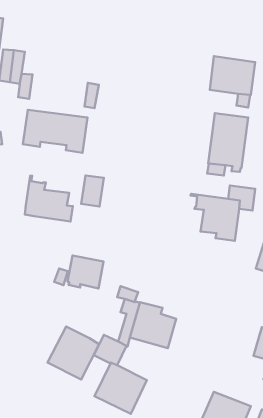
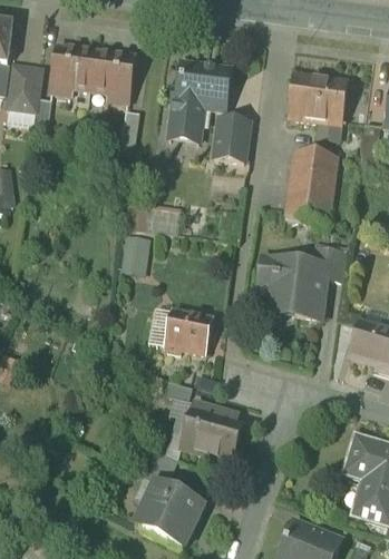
building: none -> [167,63,230,144]
building: none -> [214,118,249,161]
building: [23,110,88,153] -> [49,47,135,104]
building: [25,176,73,221] -> none
building: [67,256,104,288] -> [164,311,212,354]
building: [48,327,99,379] -> none

